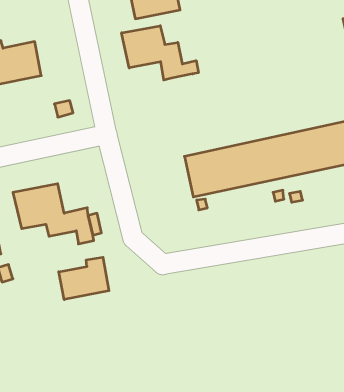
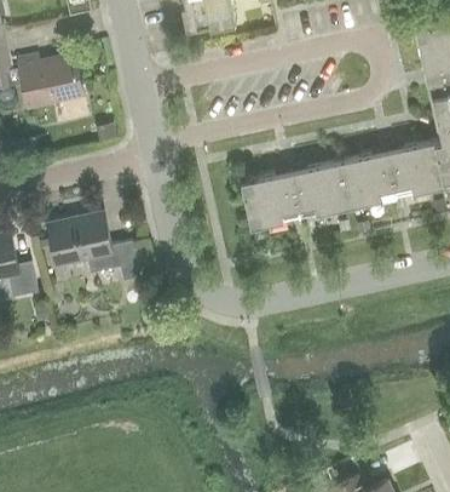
building: [122,26,198,80] -> none
building: [59,257,109,300] -> none

